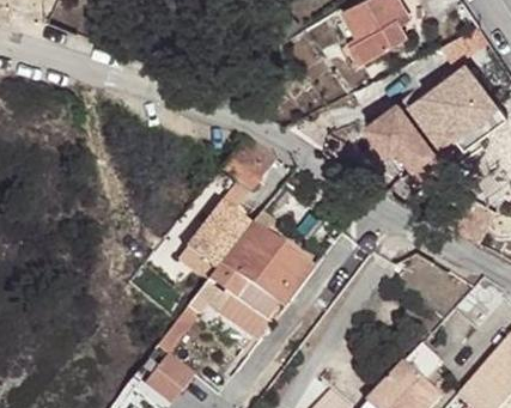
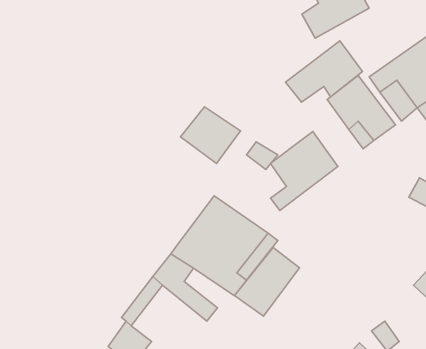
building: none -> [286,41,362,102]
building: none -> [271,131,338,211]
building: [188,203,253,272] -> [235,247,300,316]

